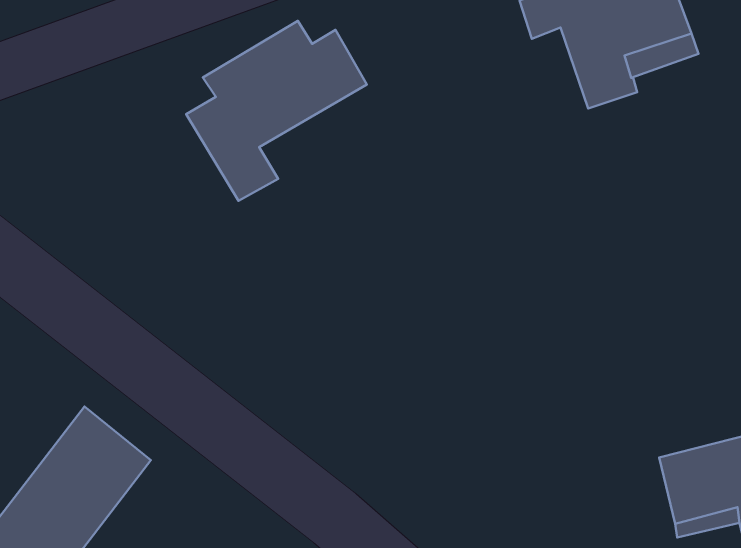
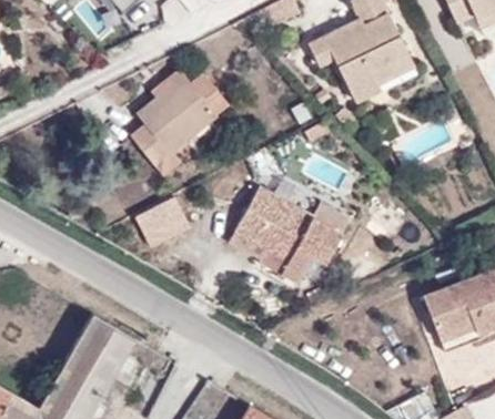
building: none -> [235,185,350,283]
building: none -> [130,197,188,252]

